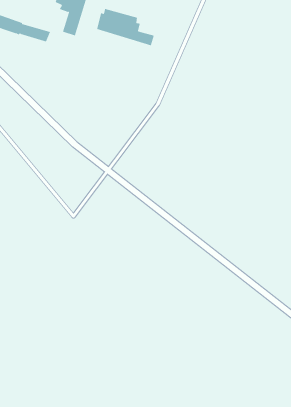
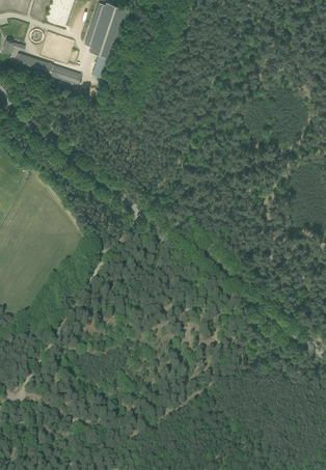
building: [96,8,154,46] -> none

